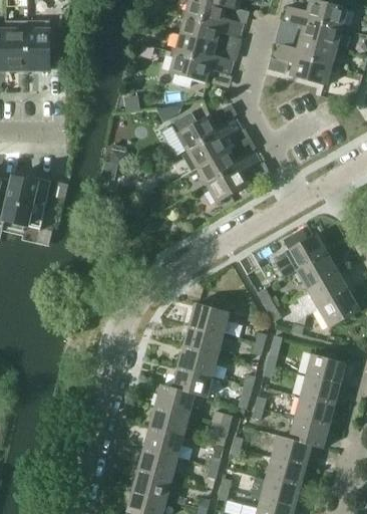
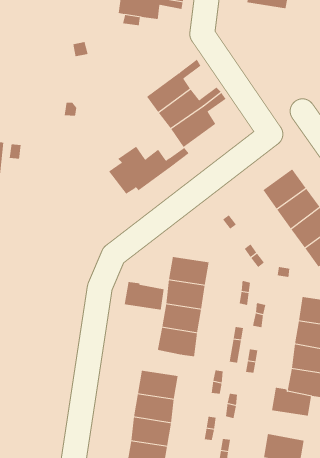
building: [161,110,239,155] -> [108,146,189,195]
building: [155,384,195,415] -> [124,281,165,310]
building: [266,456,306,487] -> none

